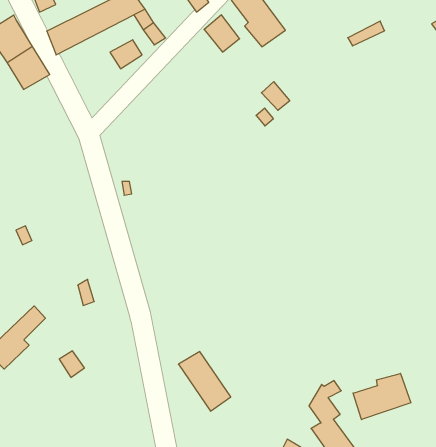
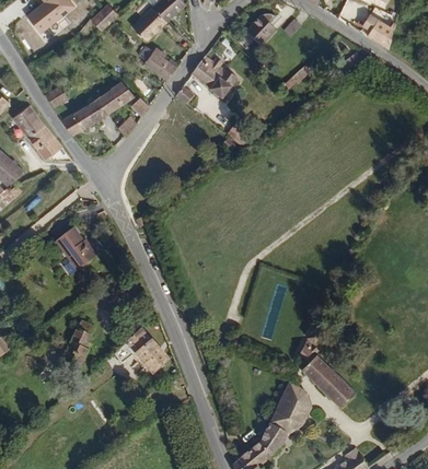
building: none -> [56,225,97,268]
building: [178,352,231,411] -> [122,332,164,375]
building: [353,373,411,420] -> none

